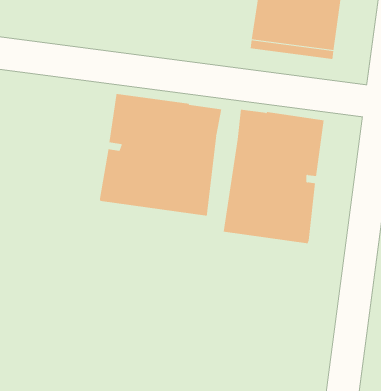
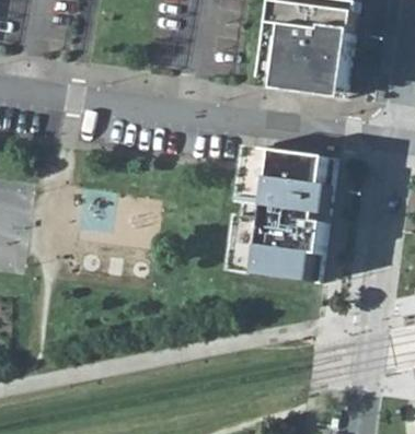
building: [99,93,222,217] -> none

